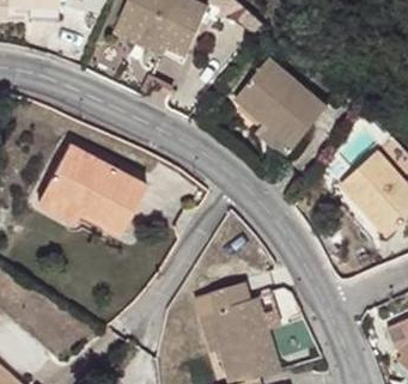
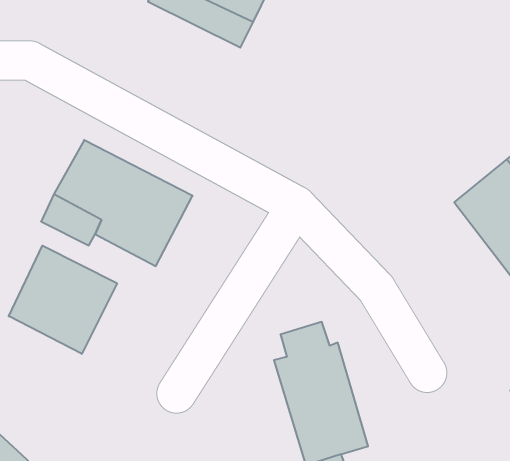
building: [238,65,330,152] -> none
building: none -> [9,246,117,354]

